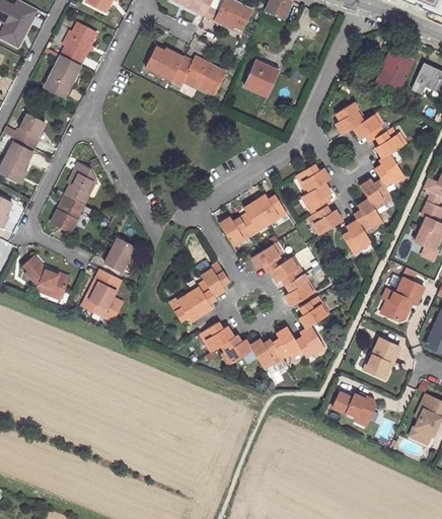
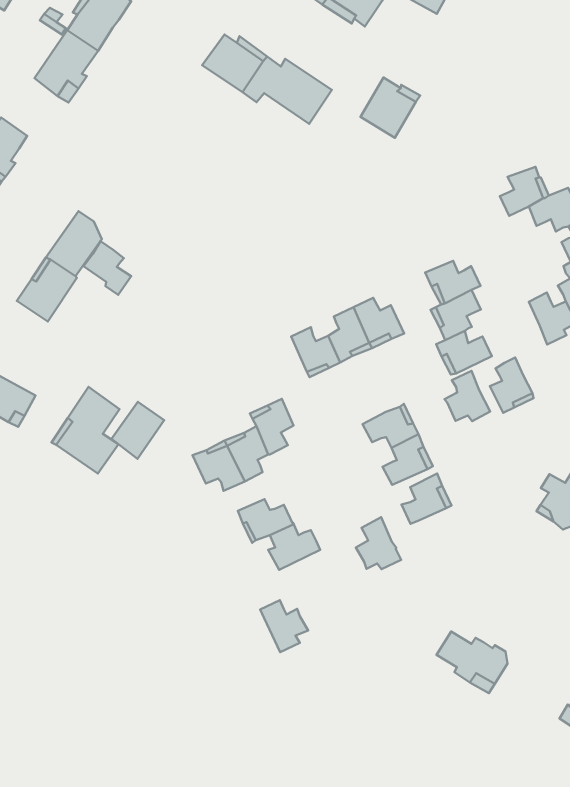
building: none -> [83,241,131,295]
building: [354,199,382,230] -> [445,371,490,421]
building: [104,238,135,273] -> [111,402,164,459]
building: [250,243,282,272] -> none
building: [298,325,325,357] -> none
building: [362,337,399,377] -> none
building: [249,339,280,370] -> [260,600,308,652]

